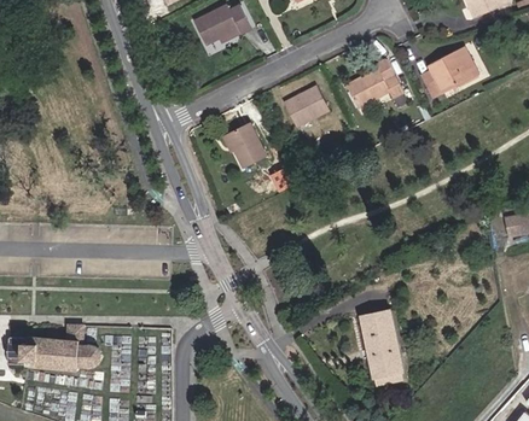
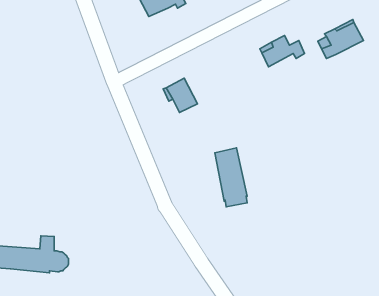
building: [284,86,327,125] -> none
building: [360,310,401,385] -> [215,148,247,207]

